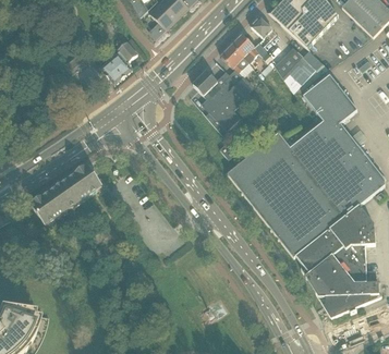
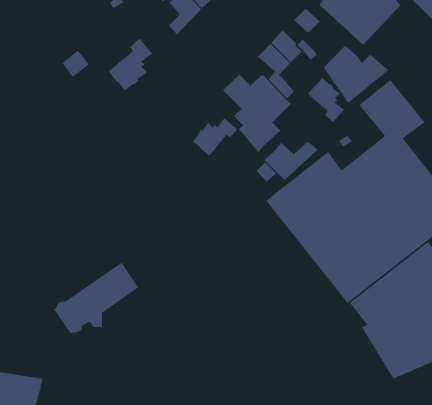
building: none -> [307,77,345,123]
building: none -> [192,117,238,157]
building: none -> [264,140,319,181]
building: [31,166,100,224] -> [53,262,139,335]

